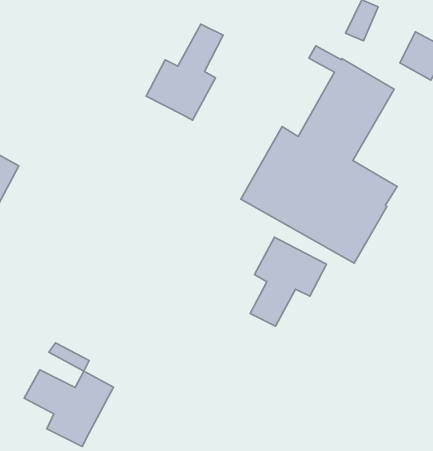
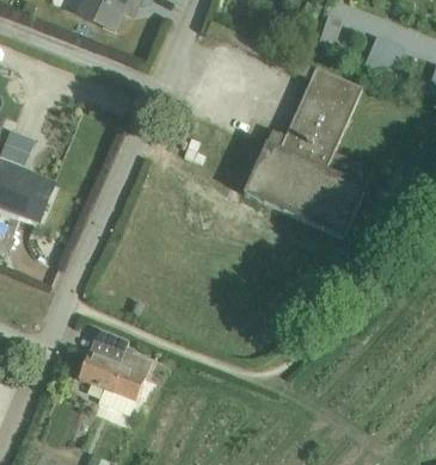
building: [146,24,223,120] -> none
building: [250,237,327,326] -> none

